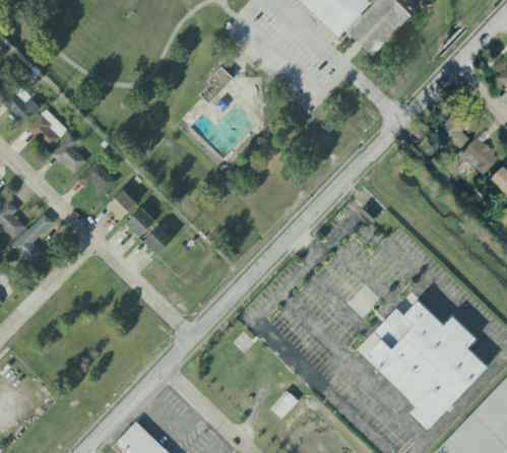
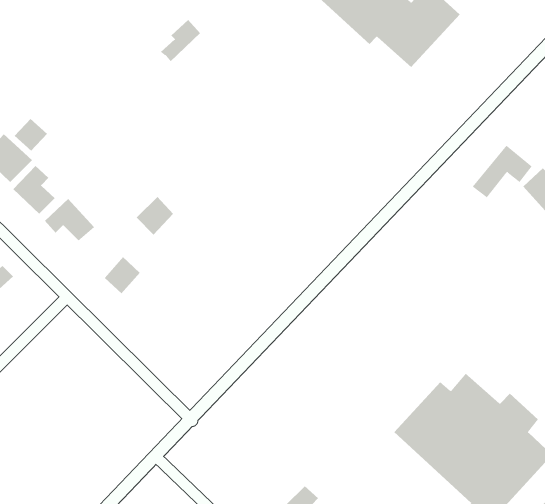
building: [199,67,232,102] -> [160,19,201,62]
building: none -> [14,118,48,151]
building: [107,189,137,220] -> [136,196,174,235]
building: [143,225,174,256] -> none

